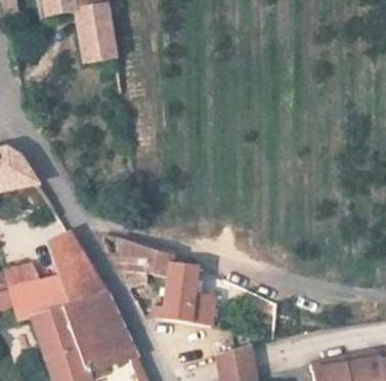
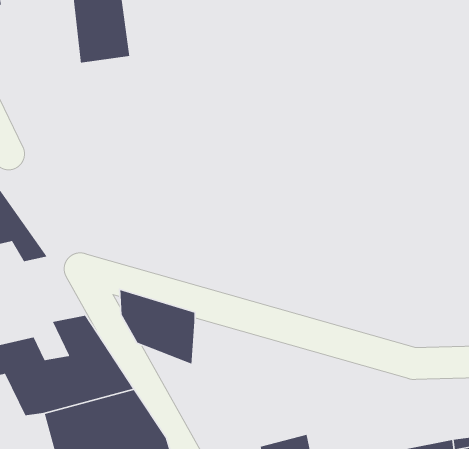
building: [160,258,212,327] -> none

